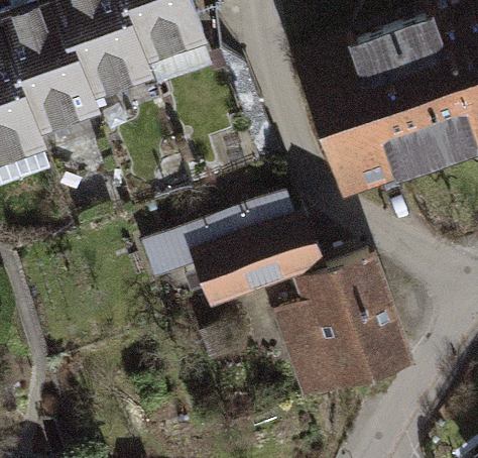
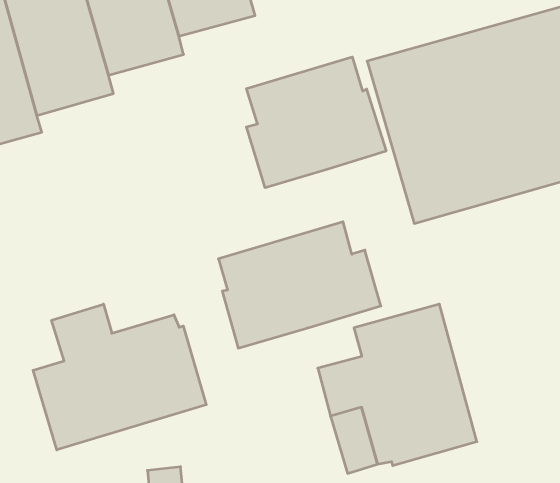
building: none -> [246,57,386,188]
building: none -> [33,304,206,450]

